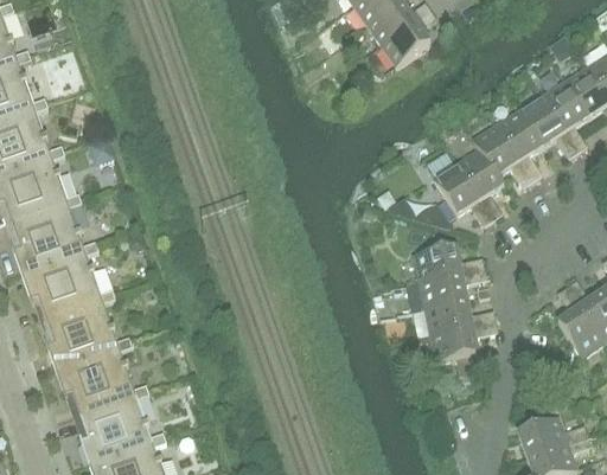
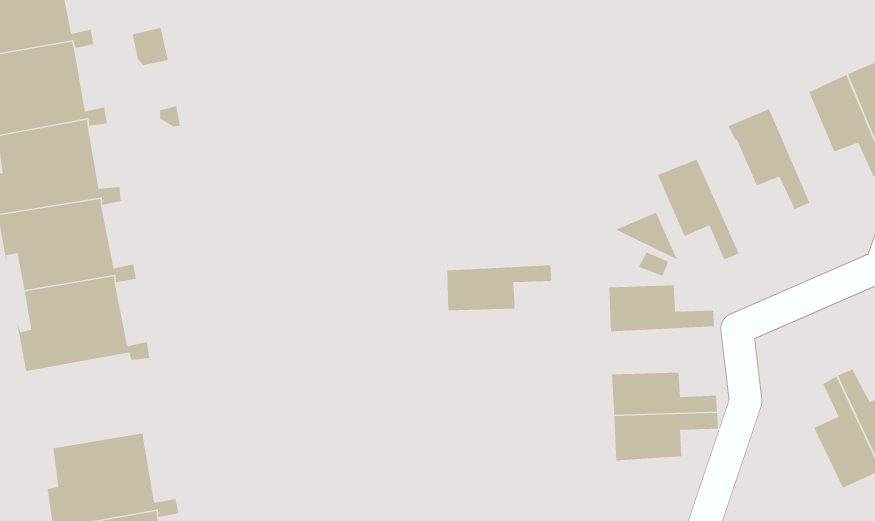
building: [496,110,541,180] -> none
building: [455,148,503,219] -> none
building: [418,268,486,308] -> [447,264,552,311]
building: [55,345,148,412] -> none

